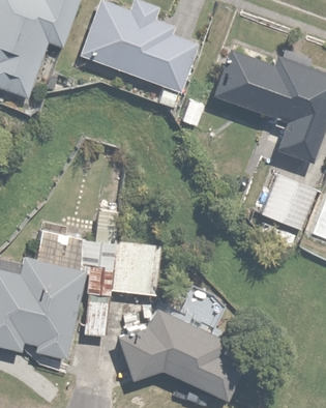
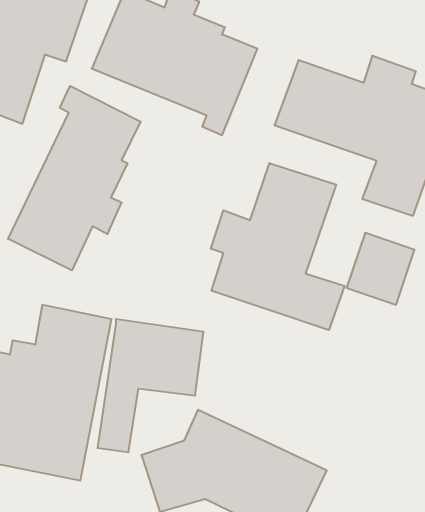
building: none -> [8,86,141,270]
building: none -> [211,163,345,330]

